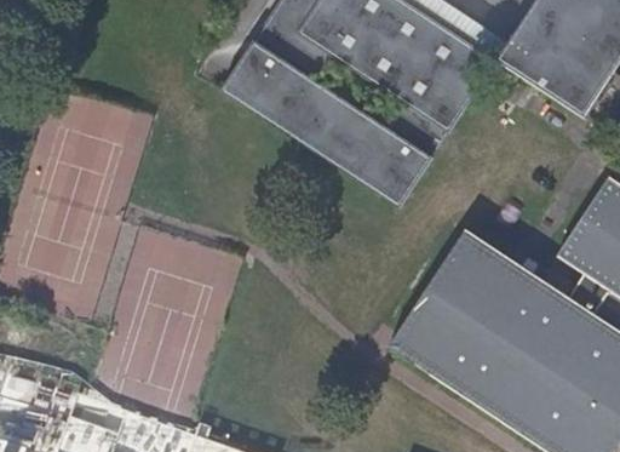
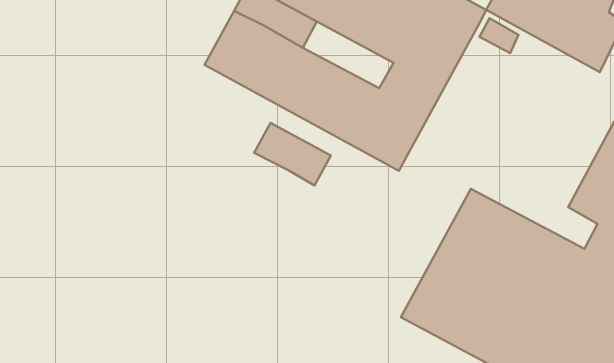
building: none -> [254,123,331,186]

